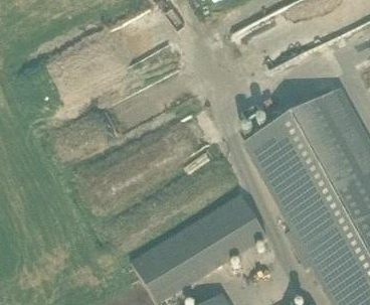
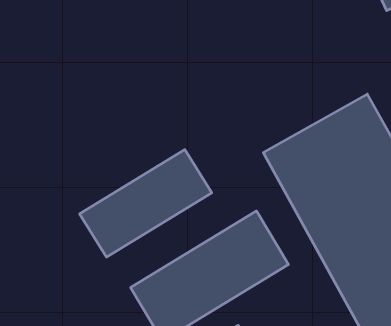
building: none -> [80,150,212,257]

